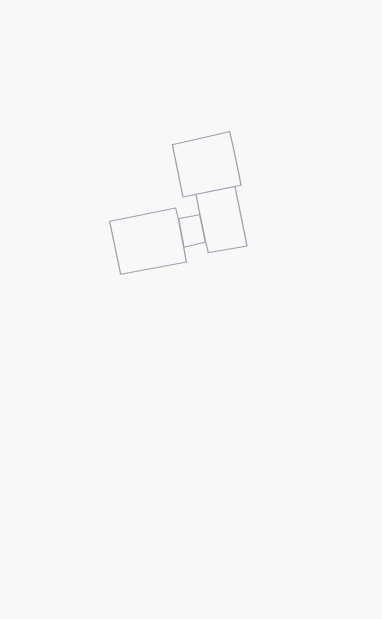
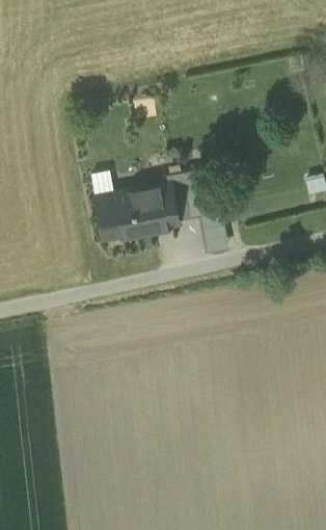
building: [172,131,241,197] -> none

